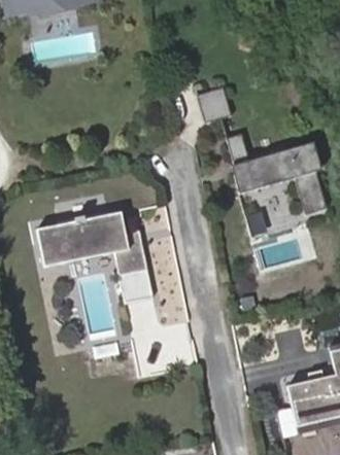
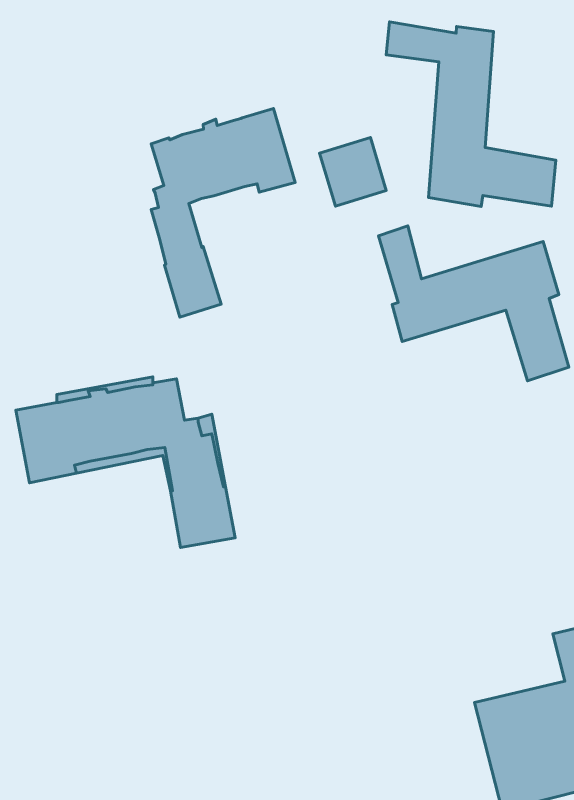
building: none -> [386,22,556,206]
building: none -> [151,109,295,317]

